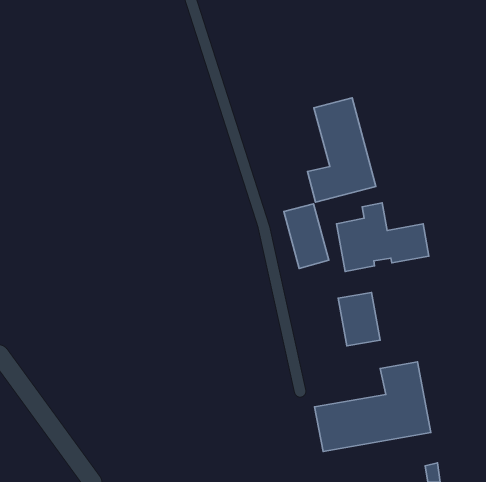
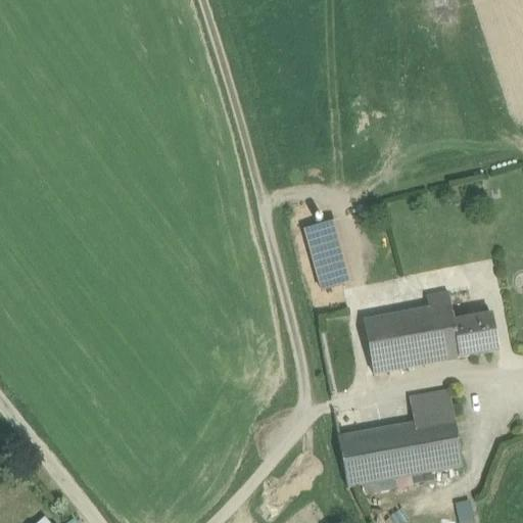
building: [307,98,376,202] -> none
building: [337,203,429,271] -> [398,291,497,365]

